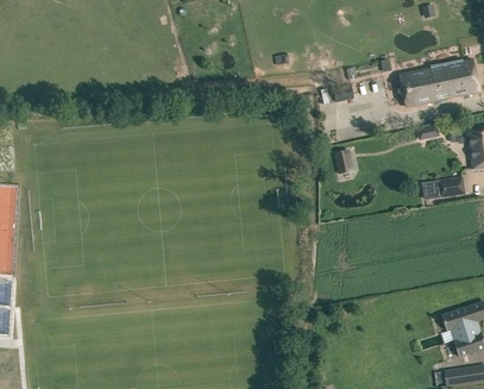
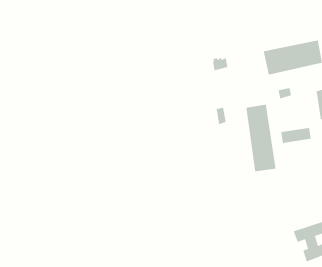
building: none -> [246,104,276,172]

